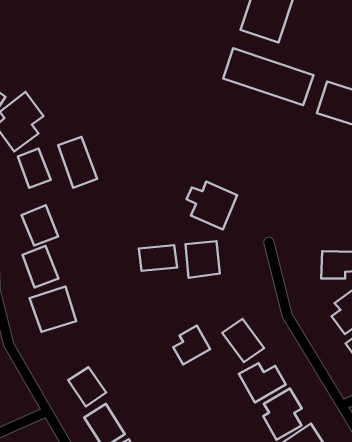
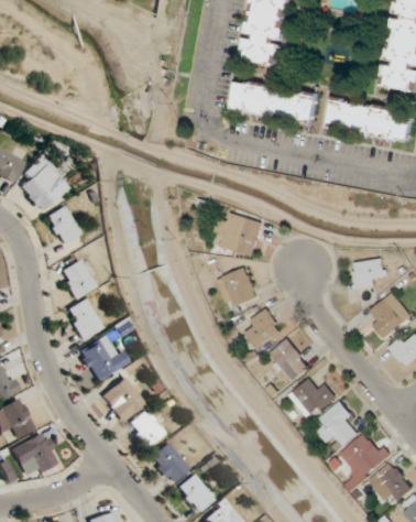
building: [58,137,97,188] -> none
building: [139,245,177,271] -> none
building: [173,326,210,364] -> [245,309,282,349]
building: none -> [99,378,143,422]

